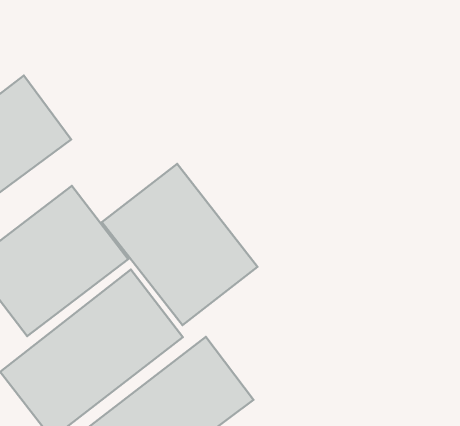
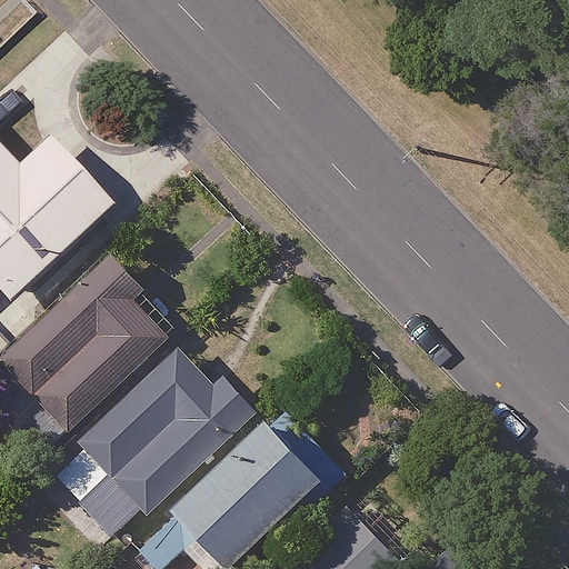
building: [102,164,258,325] -> none

